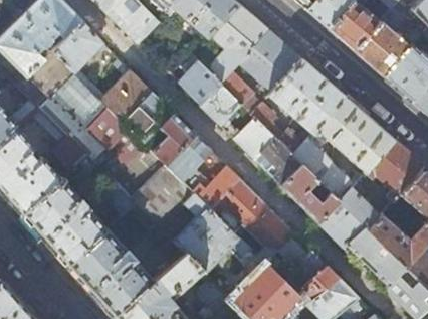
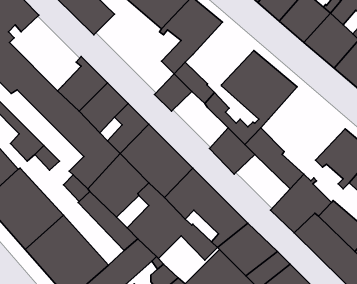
building: [51,22,105,100] -> none
building: [239,29,301,94] -> none
building: [179,53,220,104] -> none
building: [316,96,395,171] -> none
building: [233,117,275,159] -> none
building: [281,165,339,222] -> none

